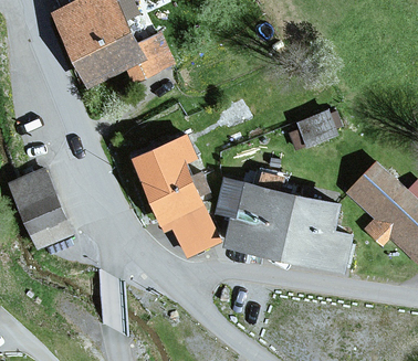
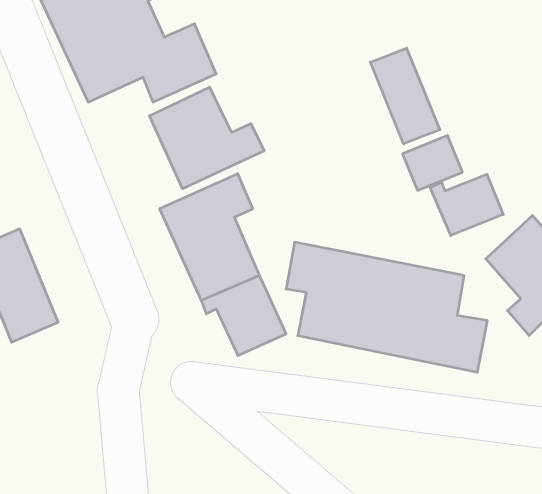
building: none -> [370,48,440,144]
building: none -> [149,87,264,189]
building: none -> [430,174,503,236]

